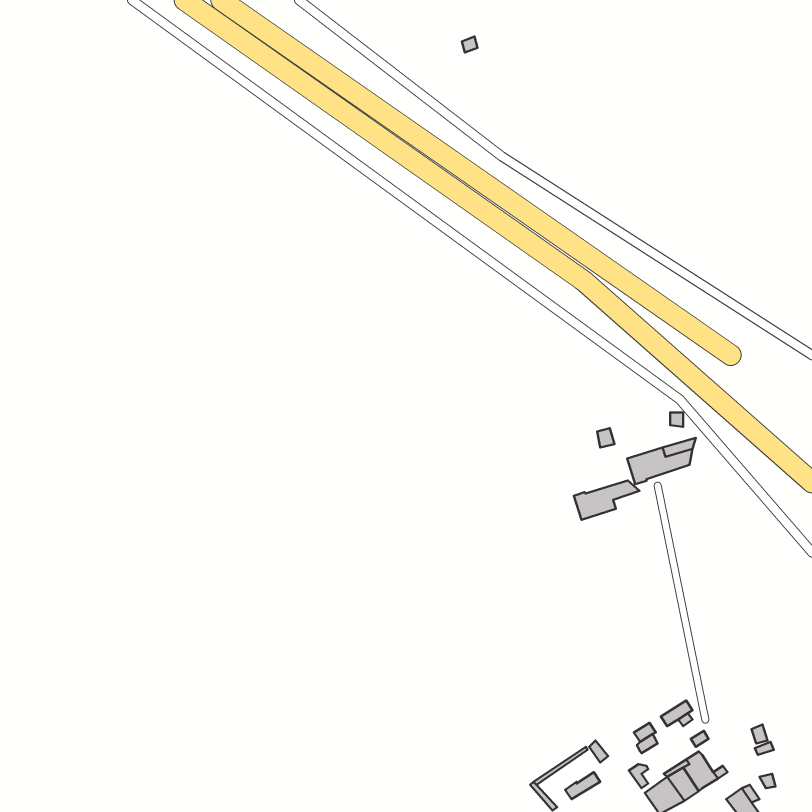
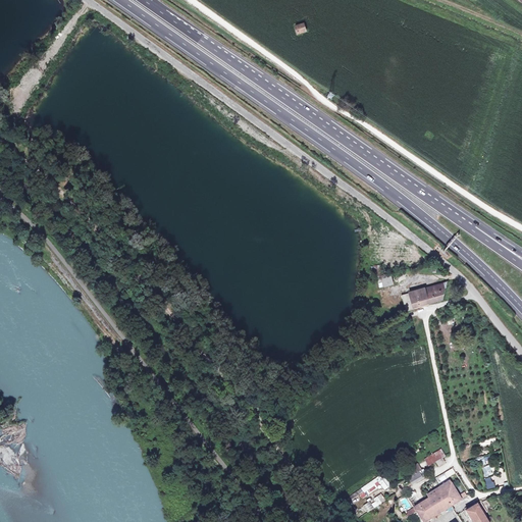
building: [574,481,639,520] -> none

